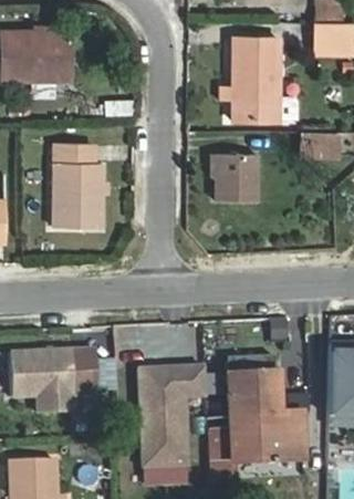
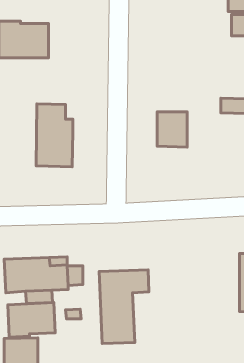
building: [232,38,280,121] -> none
building: [214,356,302,481] -> none
building: none -> [8,303,55,337]

